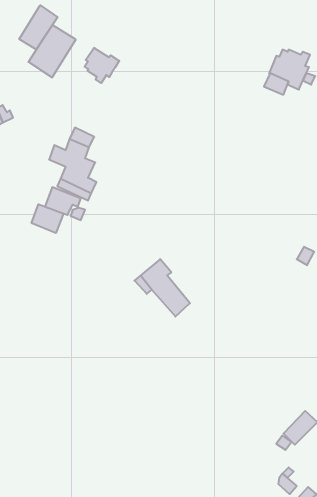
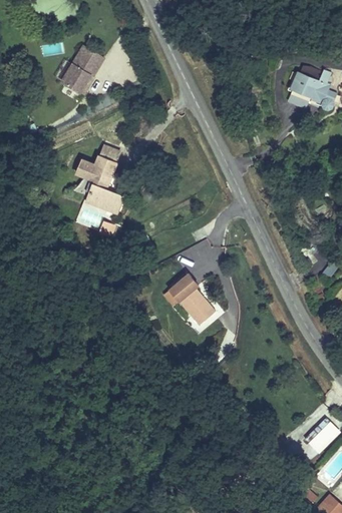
building: [19,5,57,50] -> none
building: [85,48,119,83] -> none
building: [32,204,64,233] -> none

